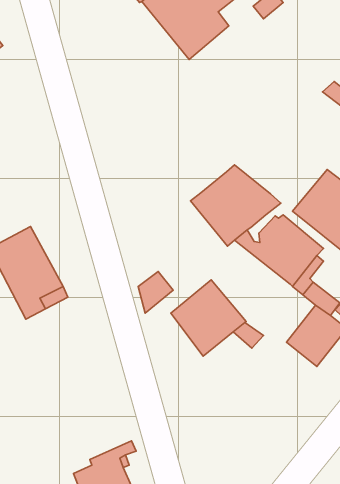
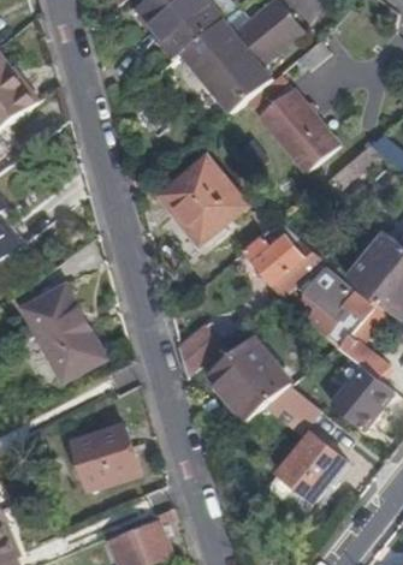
building: none -> [257,89,337,172]
building: none -> [159,157,245,243]
building: none -> [72,423,137,490]
building: none -> [268,433,344,512]

